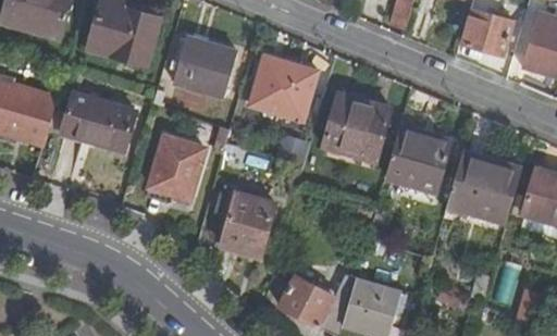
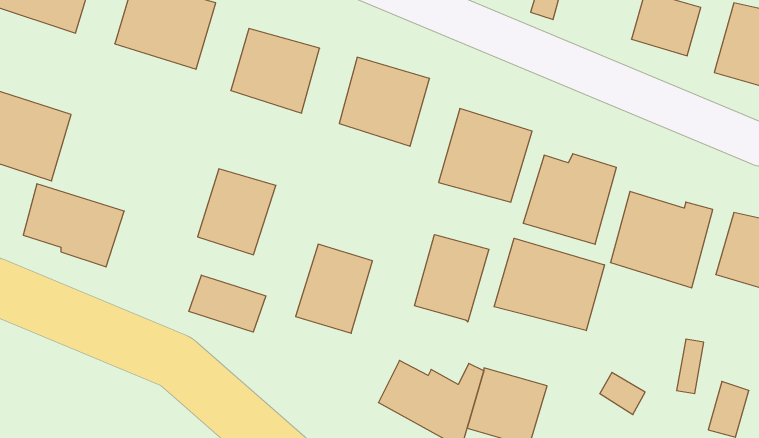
building: [63,94,136,153] -> [23,184,124,267]
building: none -> [414,235,489,322]
building: none -> [494,238,604,331]
building: none -> [189,275,266,332]

